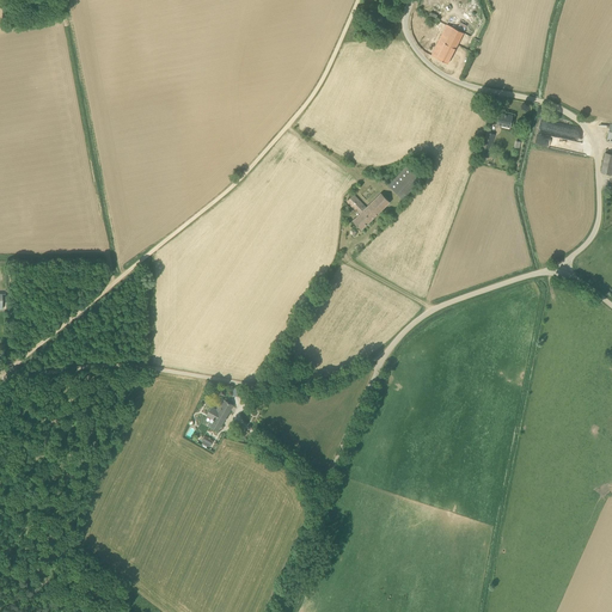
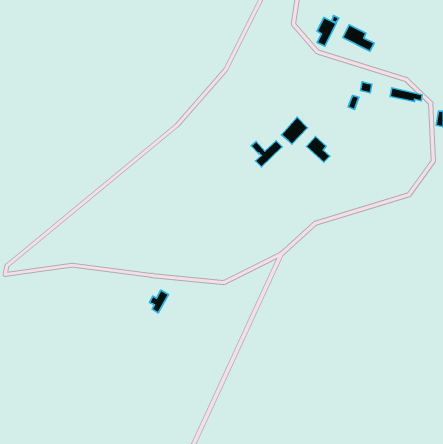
building: none -> [343,25,374,51]
building: none -> [307,137,330,162]

